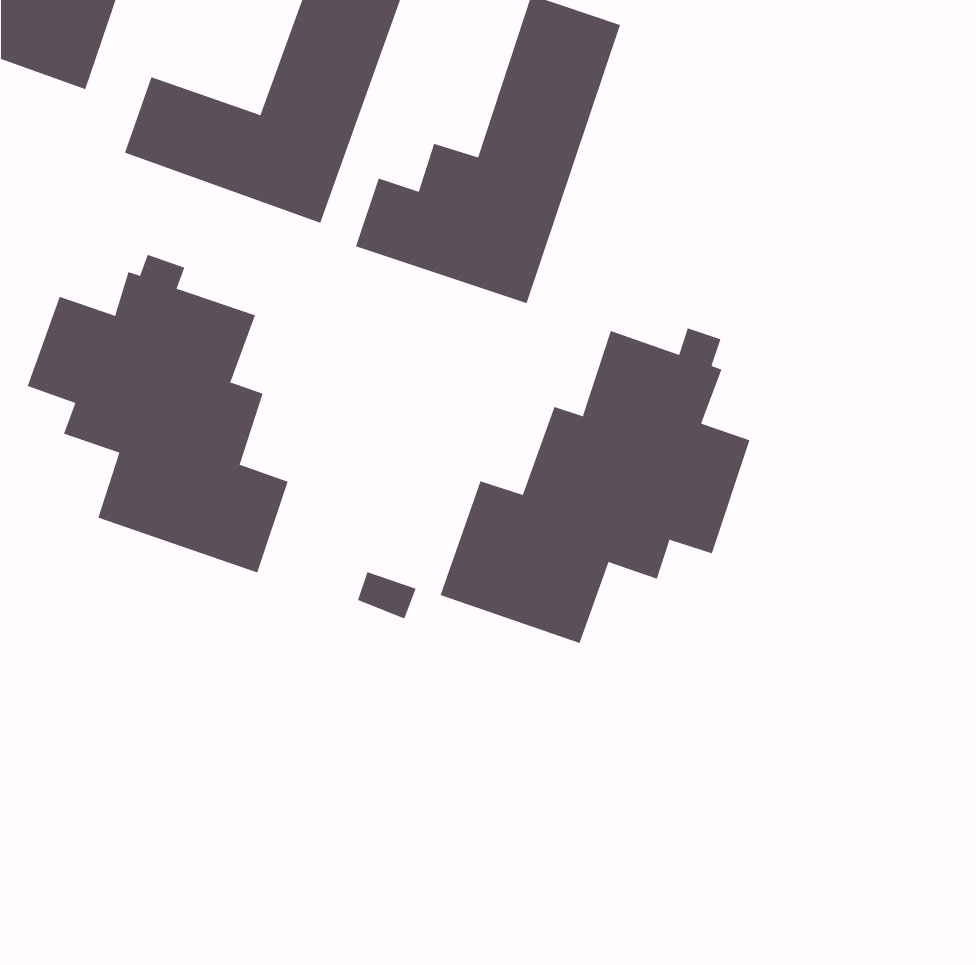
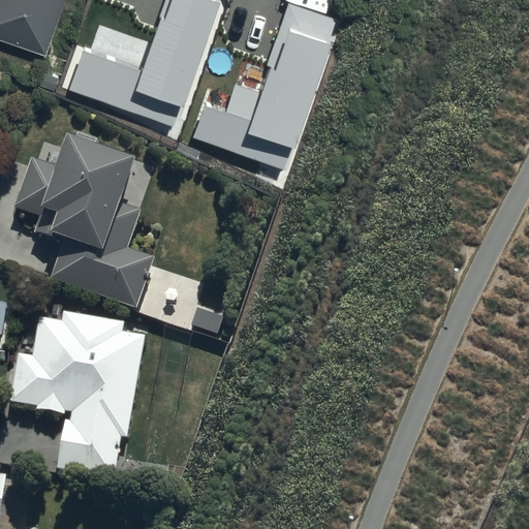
building: [440,327,750,644] -> none
building: none -> [11,312,148,478]

